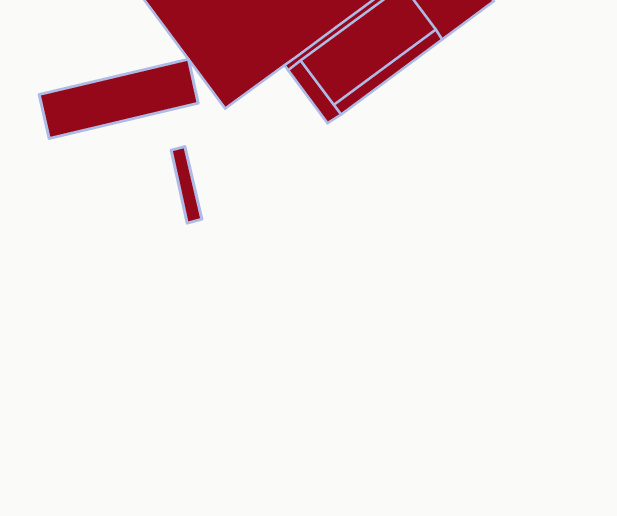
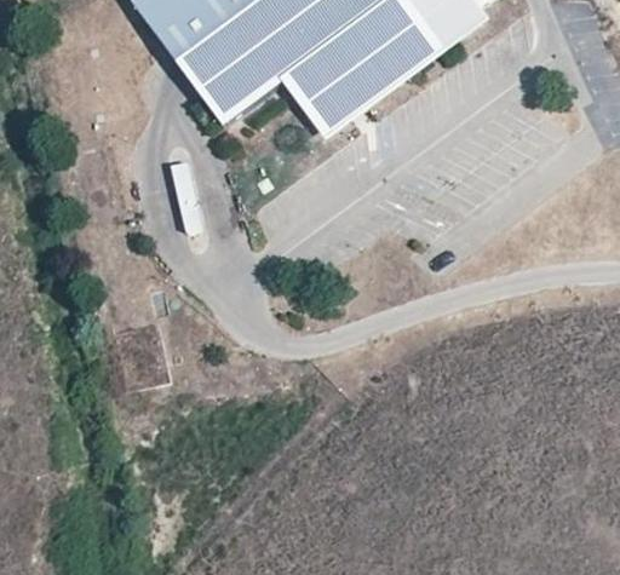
building: [39,59,198,138] -> none

